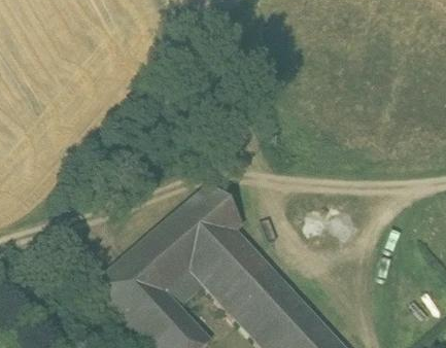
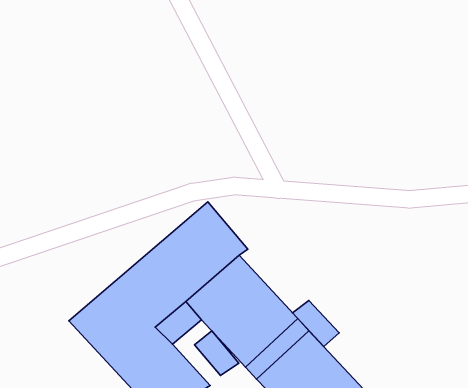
building: none -> [292,301,339,347]
building: none -> [195,331,239,376]

